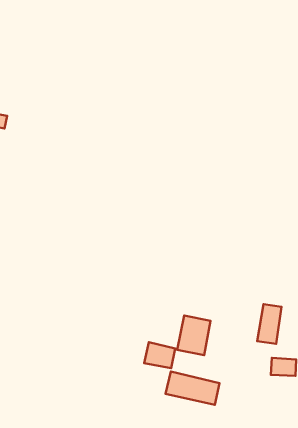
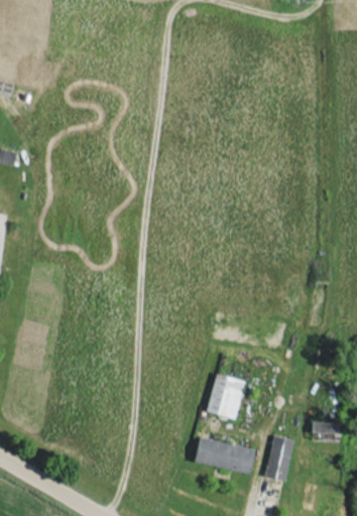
building: [257,304,281,344] -> [266,436,293,481]
building: [144,342,175,368] -> none

